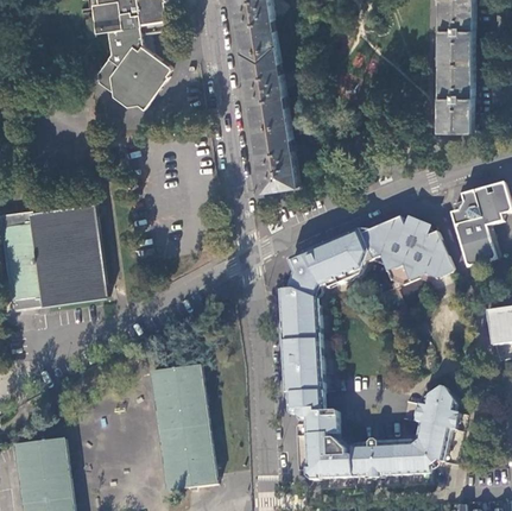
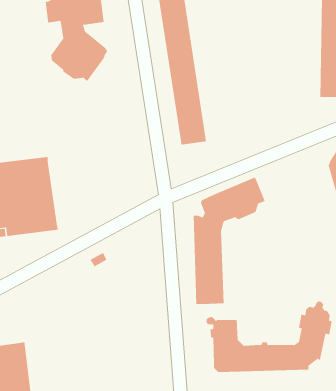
building: [360,214,451,289] -> none
building: [147,364,210,491] -> none
building: [290,391,320,415] -> none

